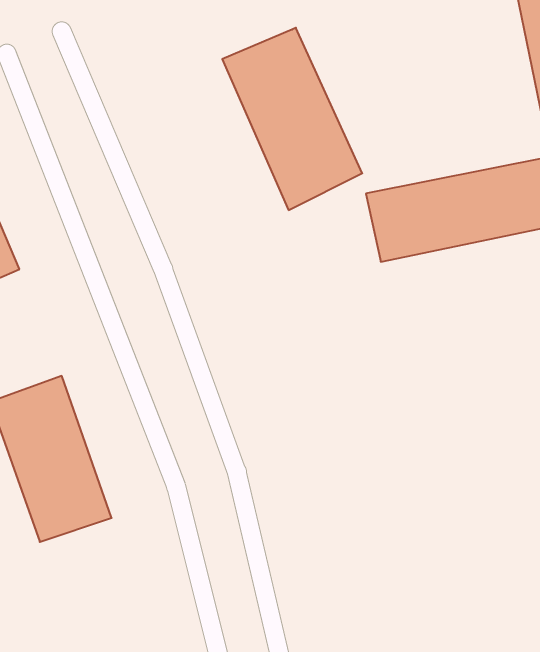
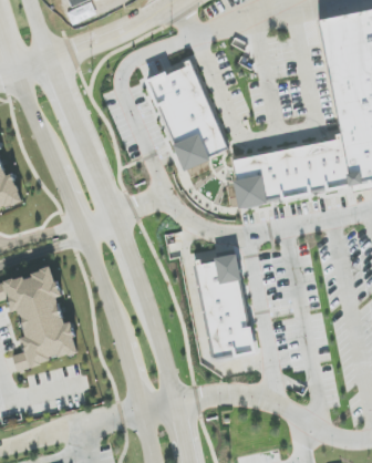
building: none -> [194,255,254,356]

